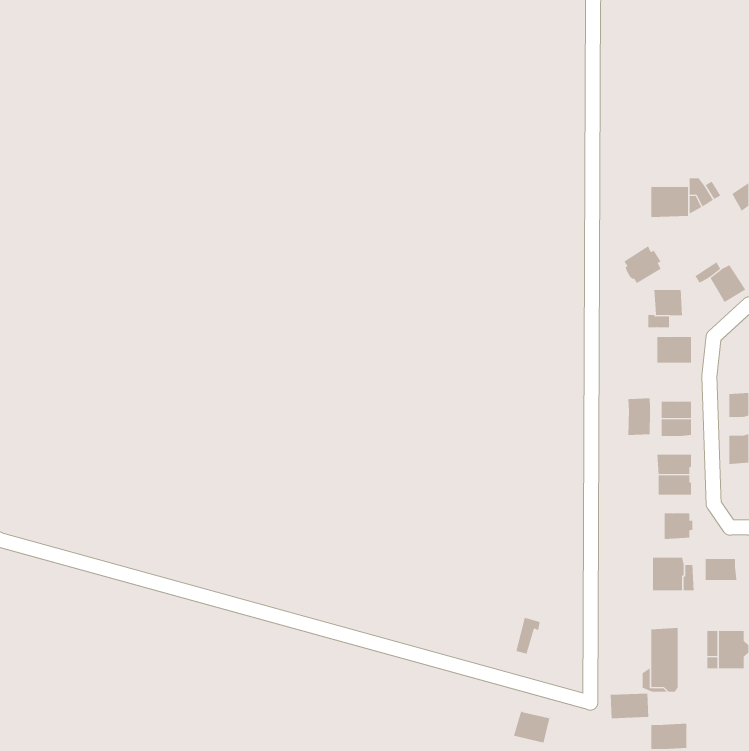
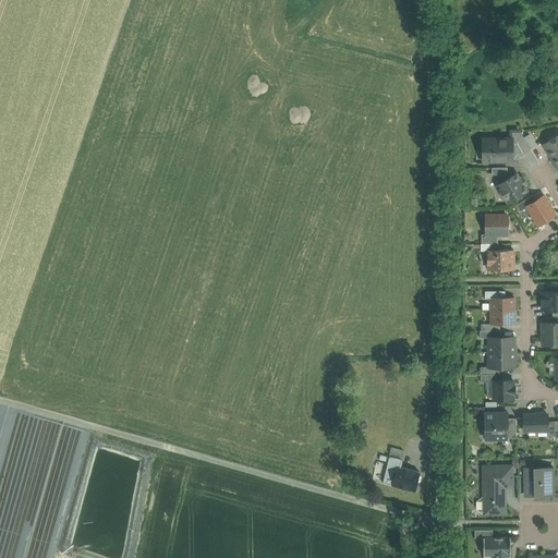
building: [623,245,662,284] -> [497,173,525,202]
building: [628,397,651,436] -> none
building: [610,693,649,719] -> none
building: [513,711,550,743] -> [391,466,418,490]

